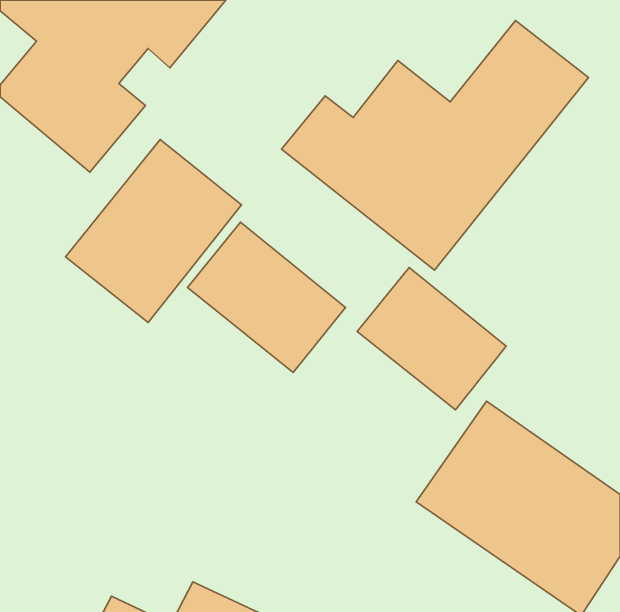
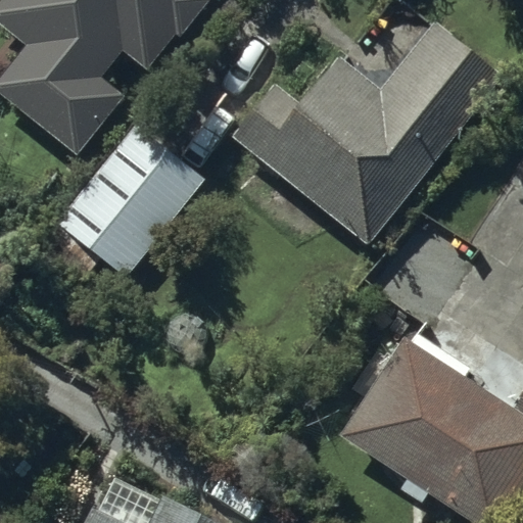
building: [187,222,345,372] -> none
building: [357,268,506,410] -> none

